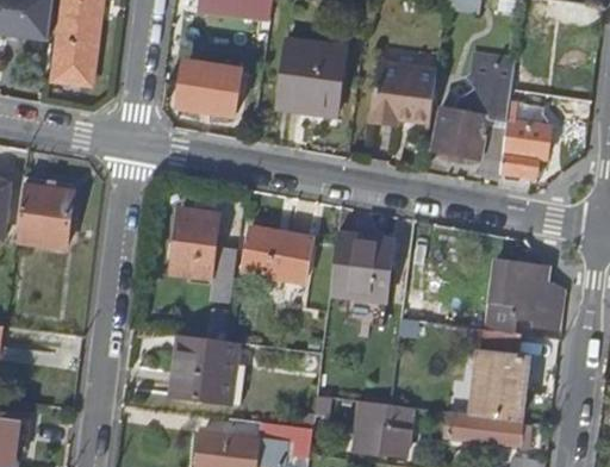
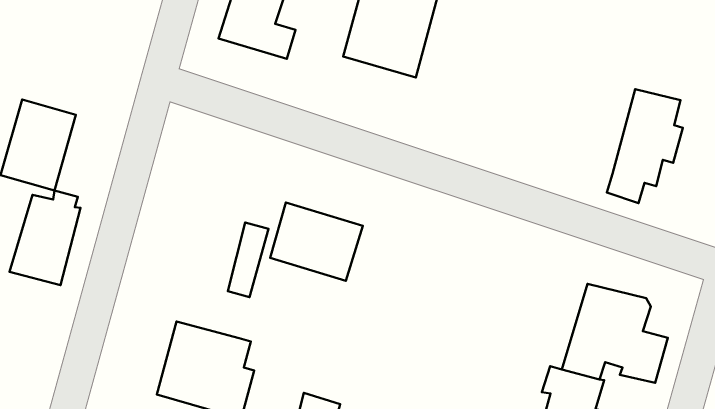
building: [434,54,516,169] -> none
building: [372,62,437,122] -> none
building: [168,204,217,278] -> [9,191,81,285]
building: [329,234,391,300] -> none

